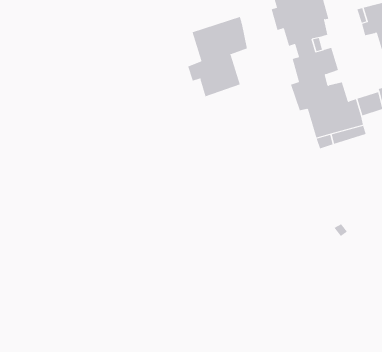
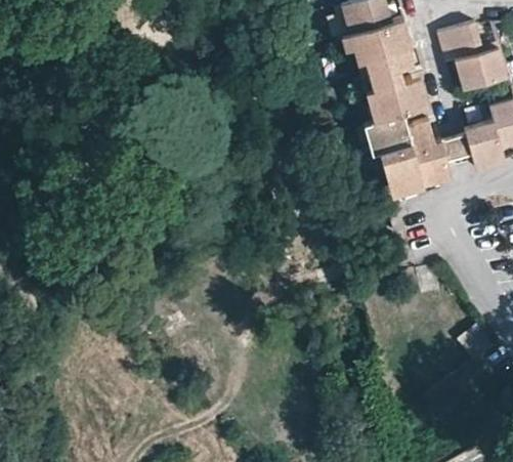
building: [188,16,248,97] -> none

